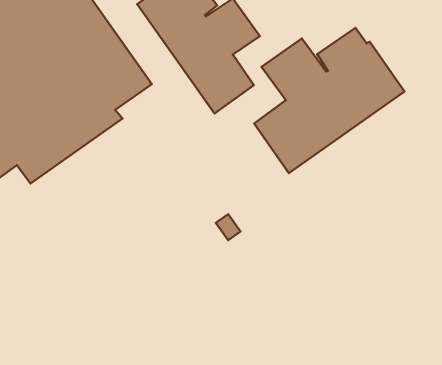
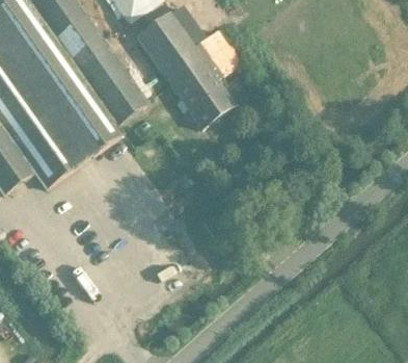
building: [254,28,405,173] -> none

